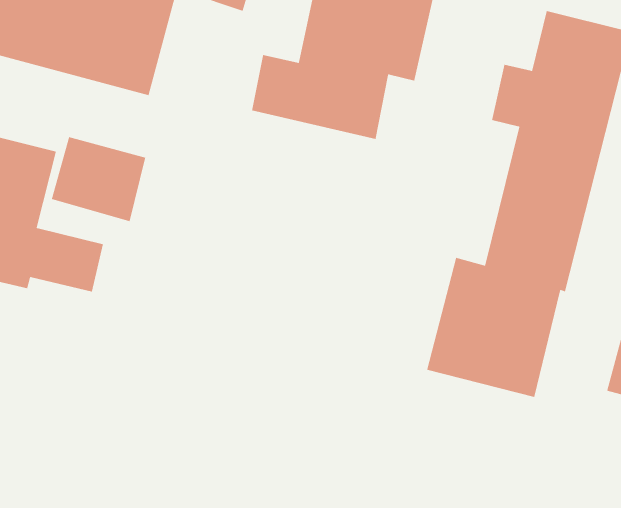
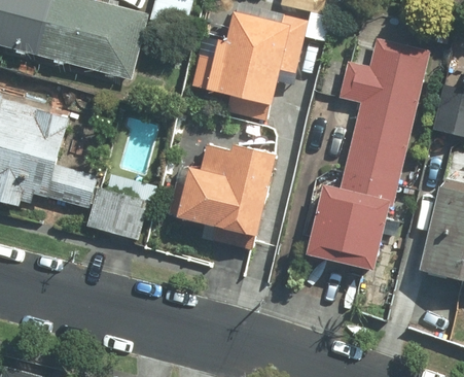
building: [51,136,146,222] -> [87,186,148,241]
building: none -> [169,142,275,240]

